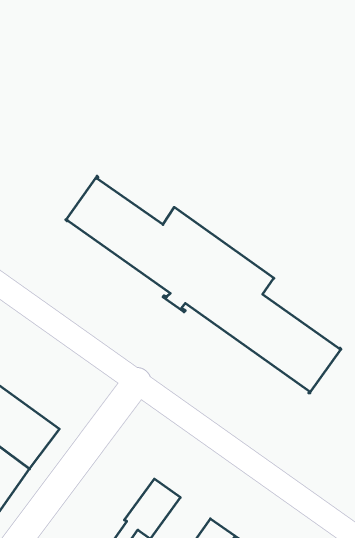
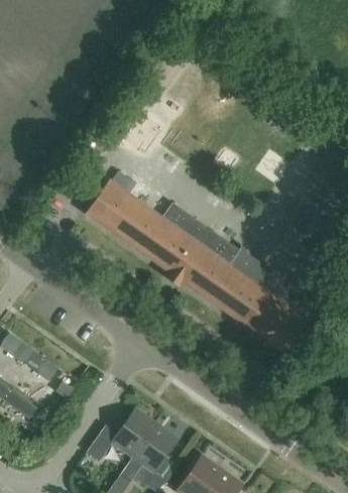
building: none -> [86,408,156,461]

